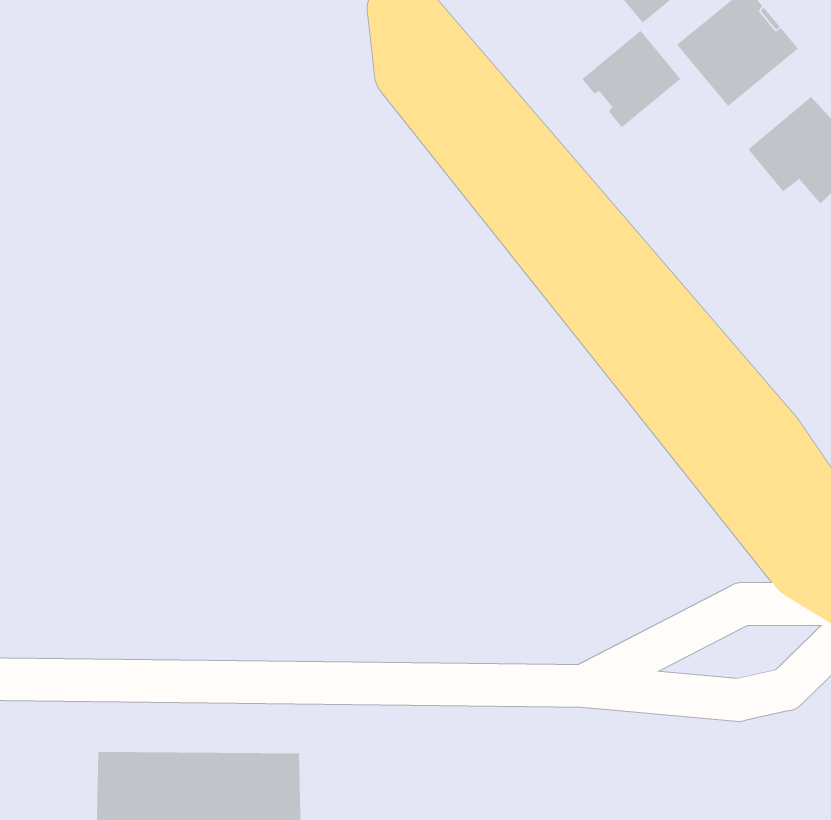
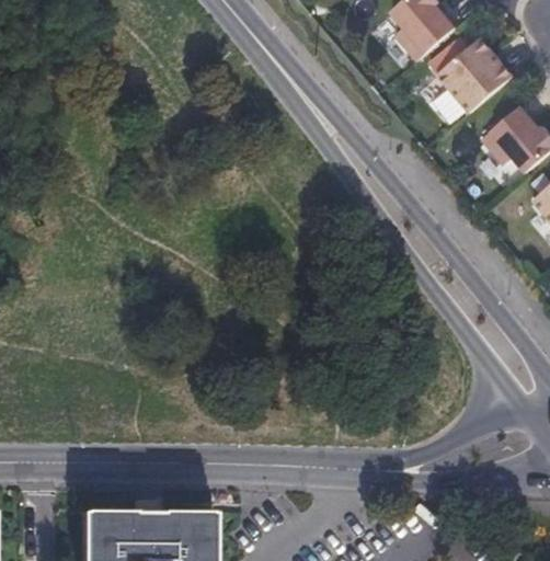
building: [581,30,681,128] -> none

